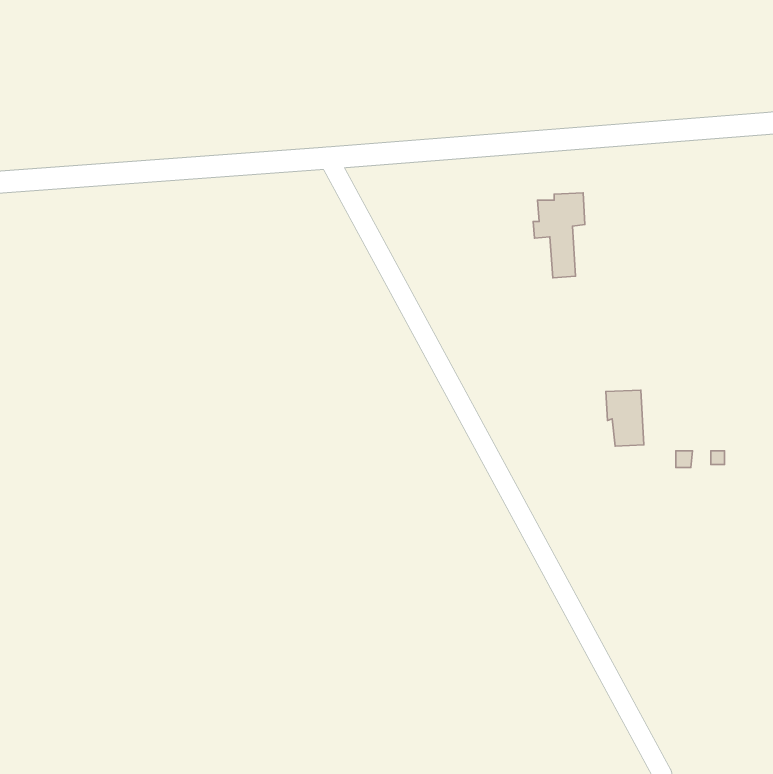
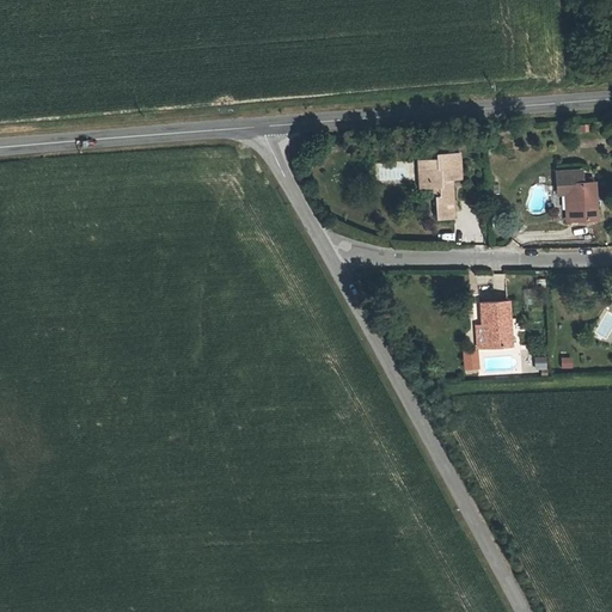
building: none -> [558,170,599,221]

